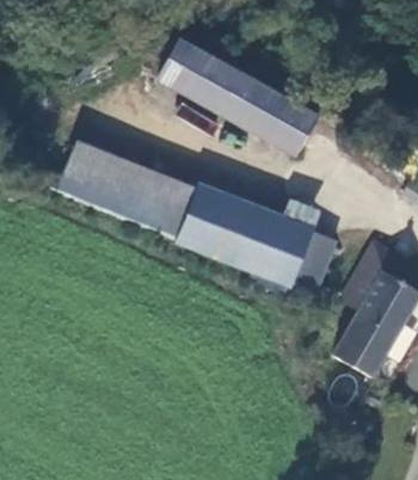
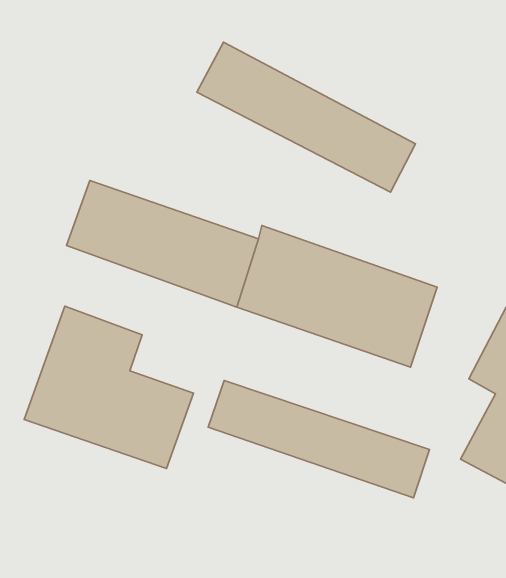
building: none -> [24,306,194,469]
building: none -> [208,381,430,498]

